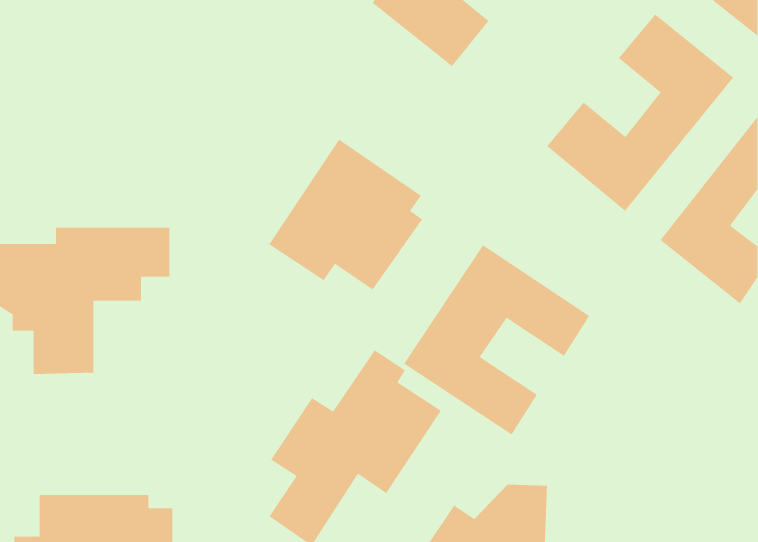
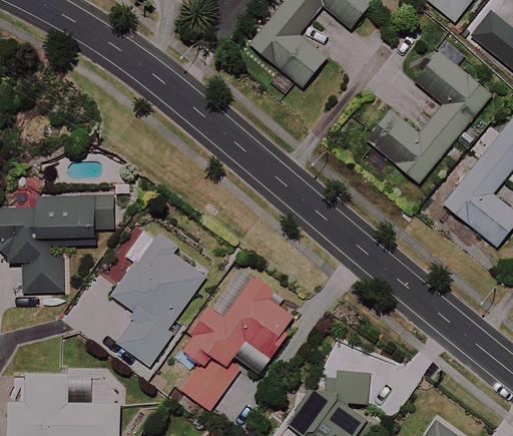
building: [268,138,423,291] -> none
building: [403,244,590,435] -> none
building: none -> [111,234,204,366]

